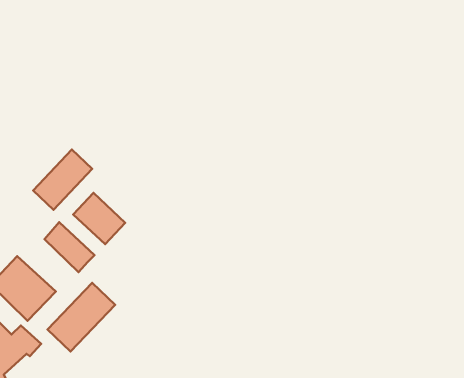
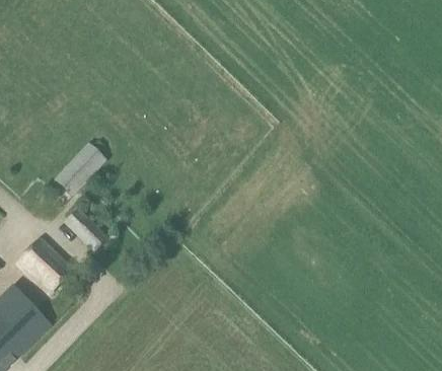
building: [73,193,125,244] -> none
building: [48,283,115,351] -> none

